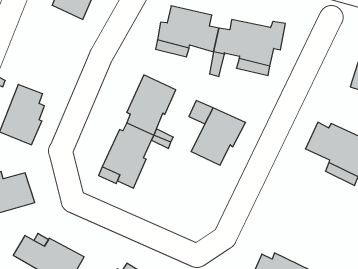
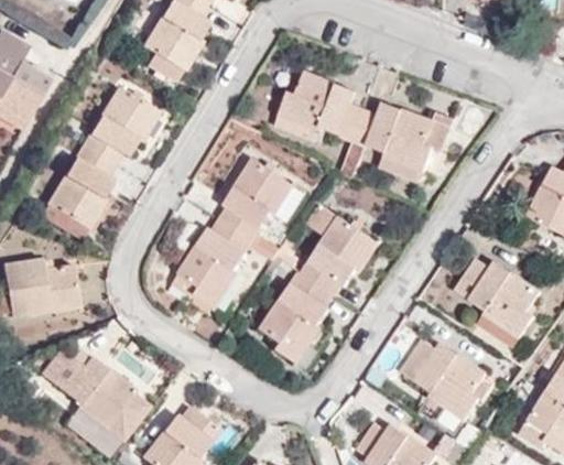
building: none -> [83,87,159,163]
building: none -> [261,271,335,363]
building: none -> [401,339,485,429]

